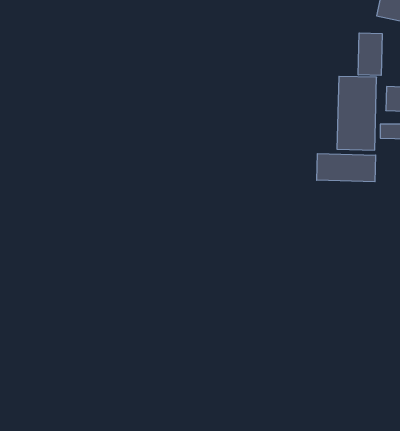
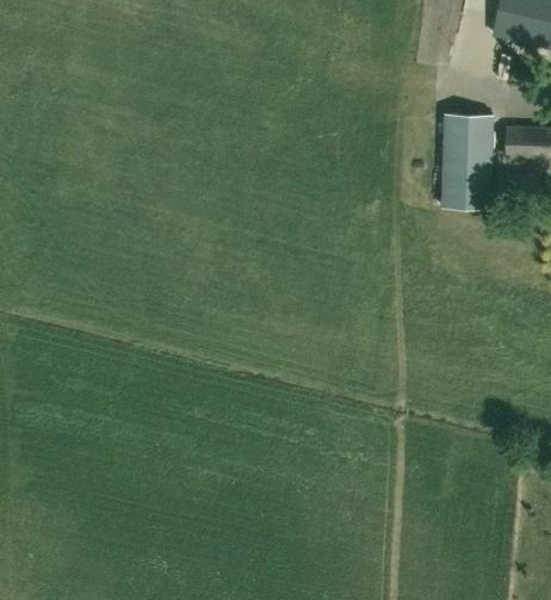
building: [358,33,382,75] -> none
building: [317,154,376,182] -> none

